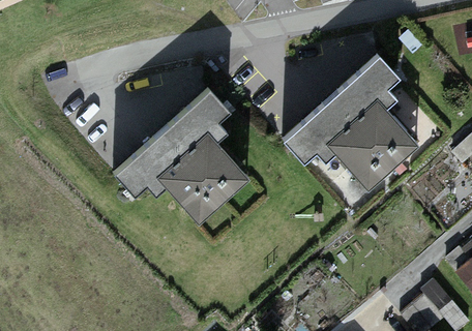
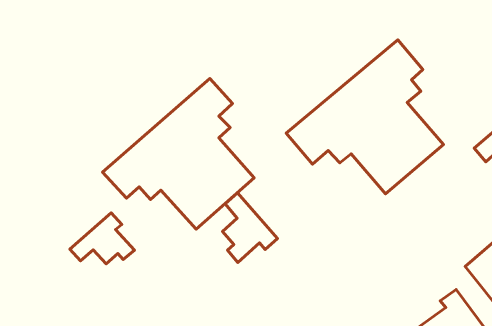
building: none -> [223,193,277,263]
building: none -> [70,213,134,264]

